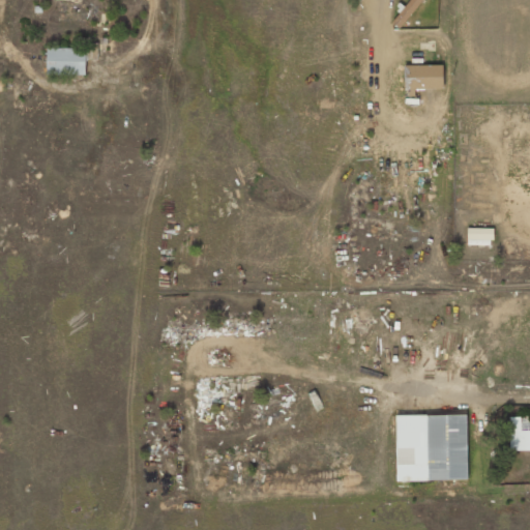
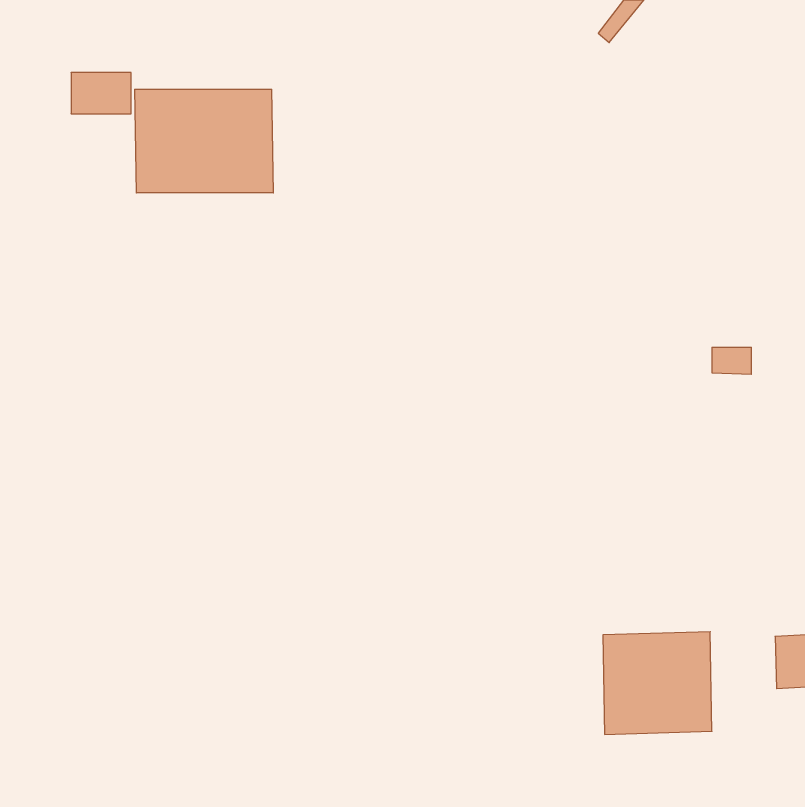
building: none -> [135,89,273,193]
building: [406,64,445,96] -> none

